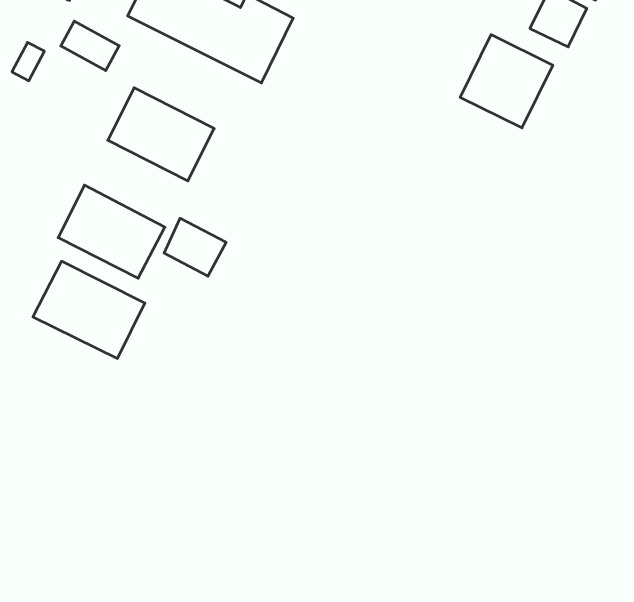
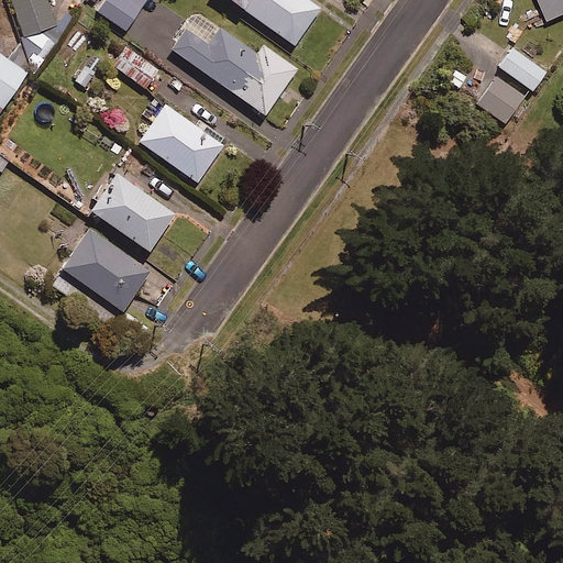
building: [460,35,553,128] -> none
building: [164,218,226,276] -> none

